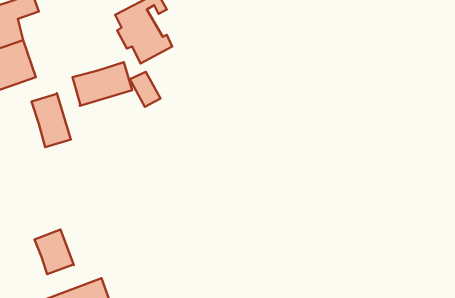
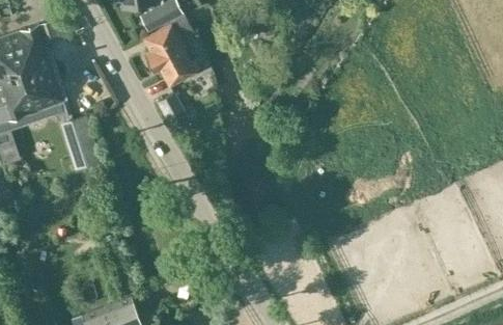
building: [73,62,132,106] -> none
building: [34,230,74,274] -> none

